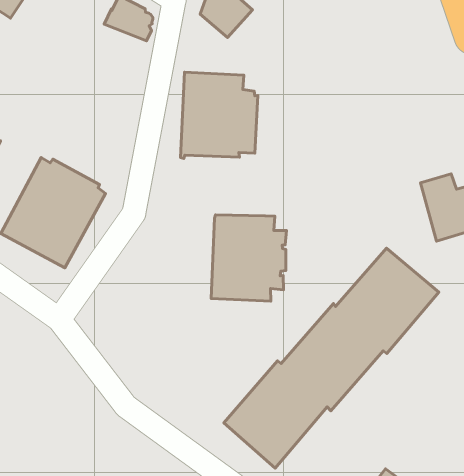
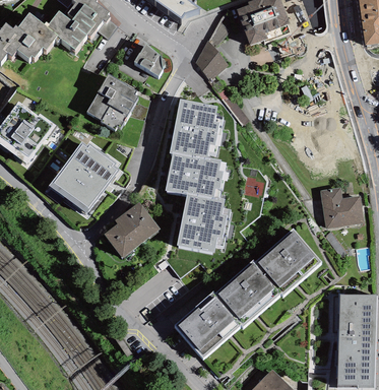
building: none -> [86,74,138,130]
building: none -> [166,152,225,198]
building: none -> [104,202,160,258]

